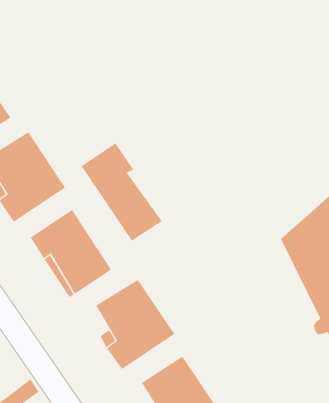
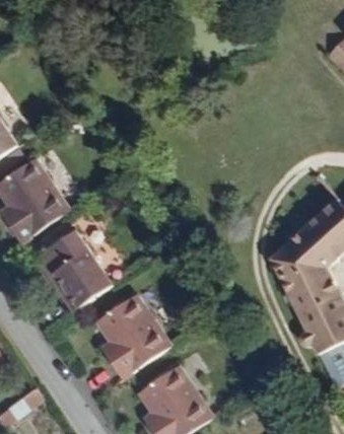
building: [81,143,162,241] -> none

